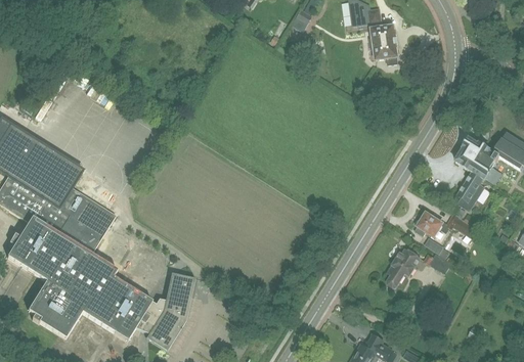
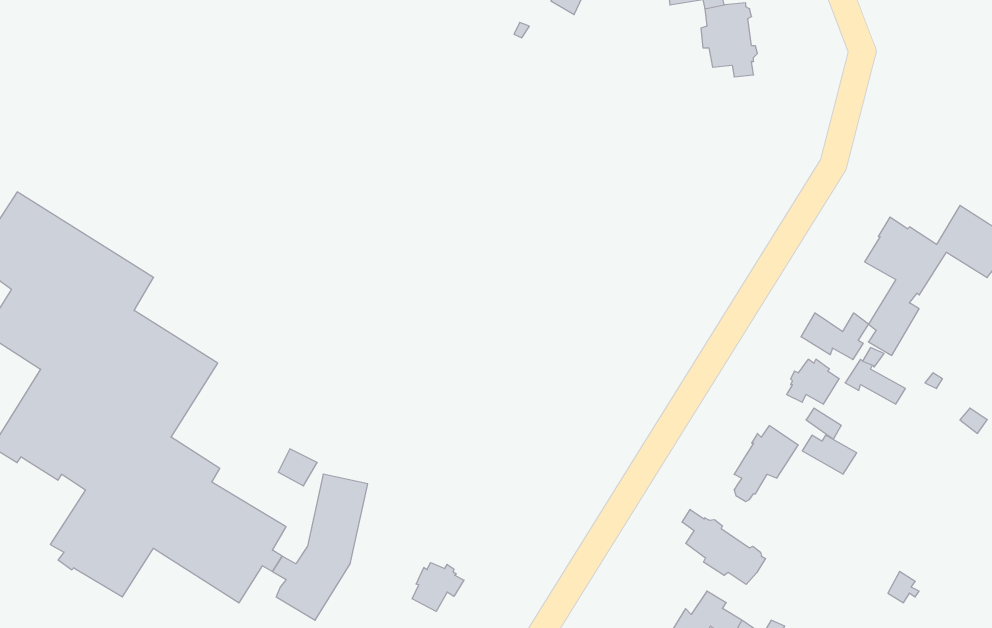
building: none -> [801,313,868,360]
building: none -> [682,509,766,584]
building: none -> [412,563,464,611]

